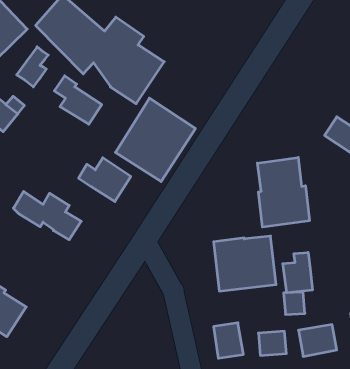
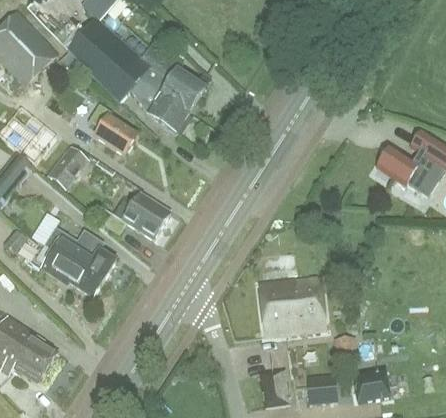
building: [17,47,48,87] -> [48,145,82,188]
building: [115,98,195,182] -> none
building: [257,157,309,227] -> none
building: none -> [36,245,104,296]
building: [283,252,312,293] -> none

